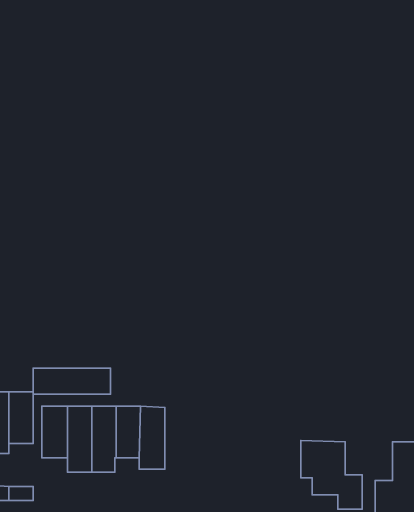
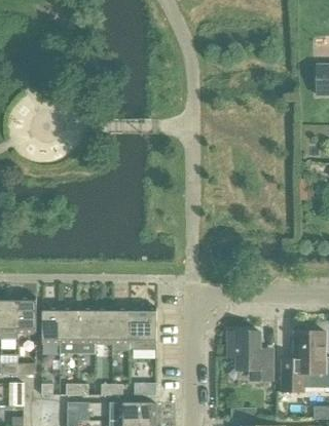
building: [33,368,111,394] -> none
building: none -> [130,307,155,349]

